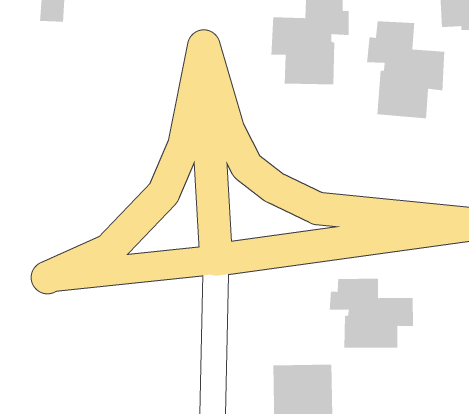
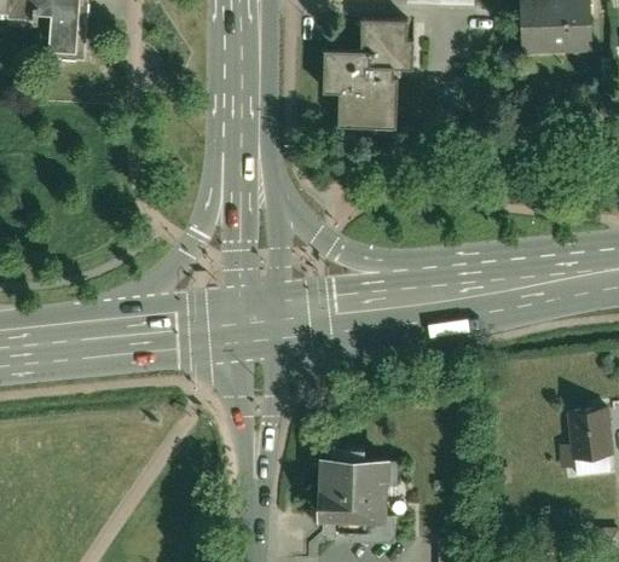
building: [366,20,445,119] -> none
building: [329,278,414,348] -> none

